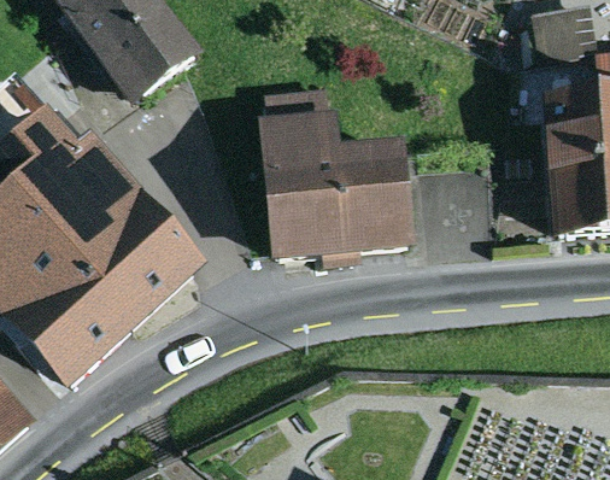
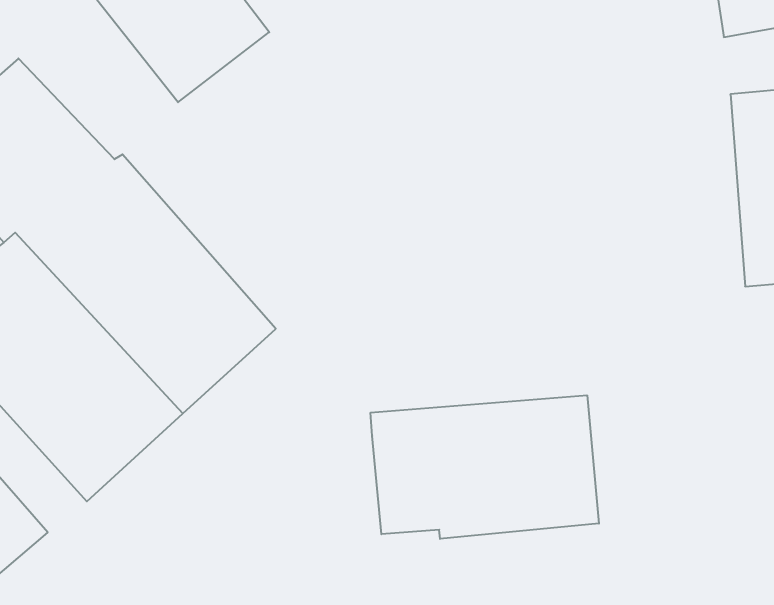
building: [258,81,415,262] -> none
building: none -> [371,395,599,539]

